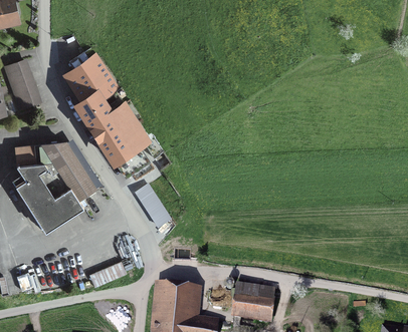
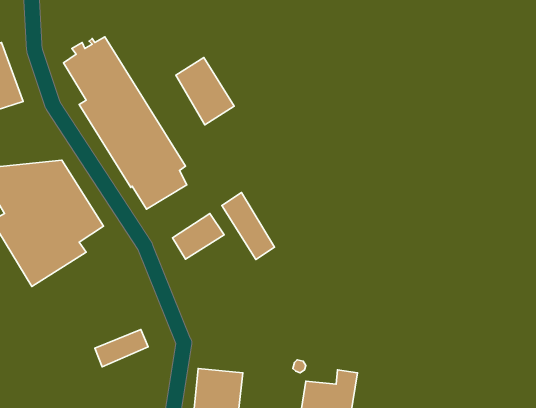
building: none -> [176,57,234,125]
building: none -> [222,192,275,259]

